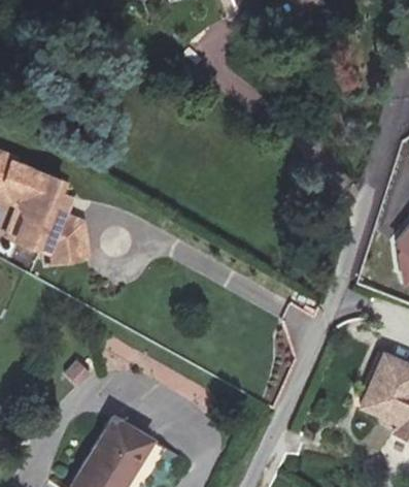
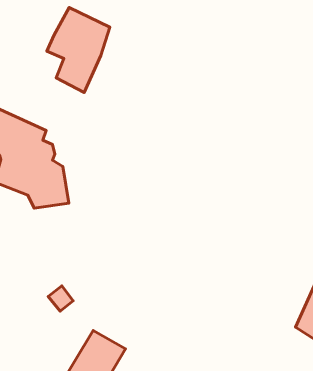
building: none -> [47,7,110,93]

